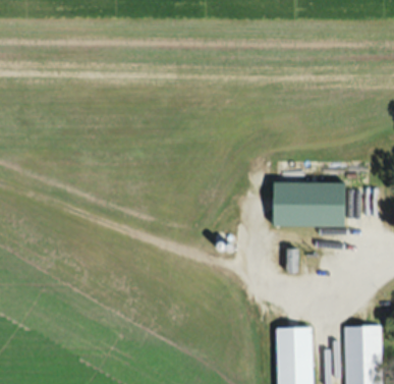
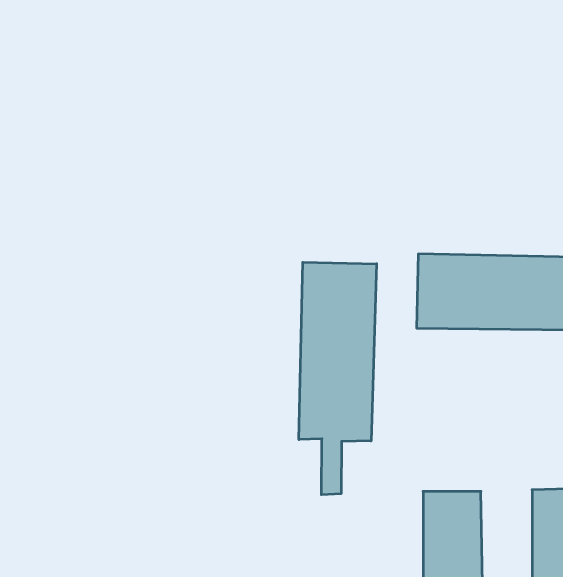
building: none -> [299,262,377,495]

